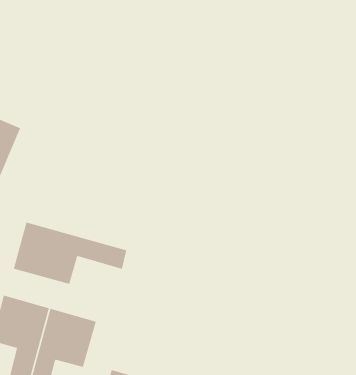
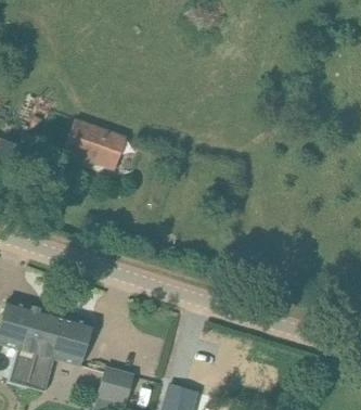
building: none -> [64,116,126,167]
building: [13,221,127,285] -> none

